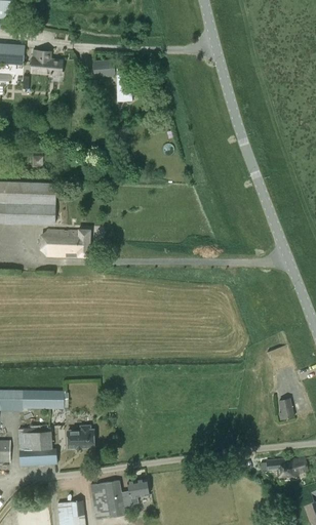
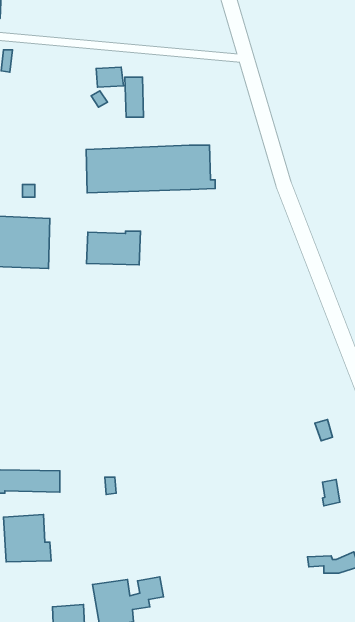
building: [31,50,63,74] -> none
building: none -> [86,145,215,193]
building: [46,229,90,256] -> [87,231,140,265]
building: [67,426,94,448] -> none

